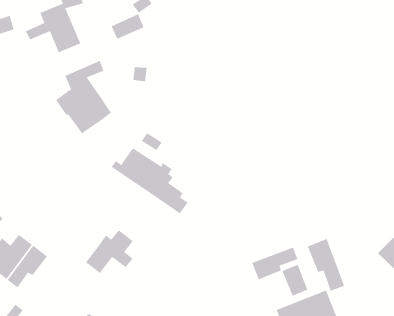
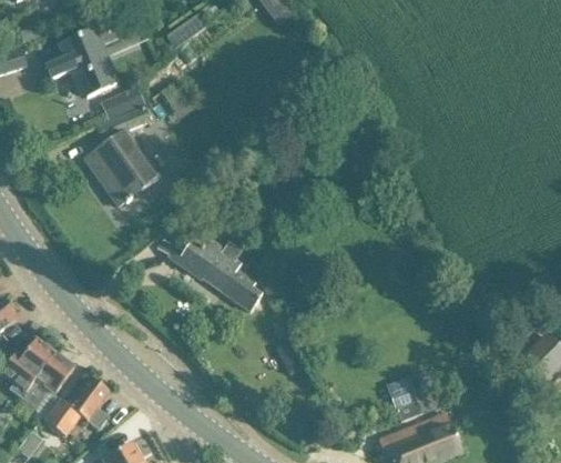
building: [111,14,144,39] -> [102,87,146,121]
building: [85,230,133,274] -> [45,378,110,436]
building: [307,238,345,292] -> none
building: [251,247,298,280] -> none

